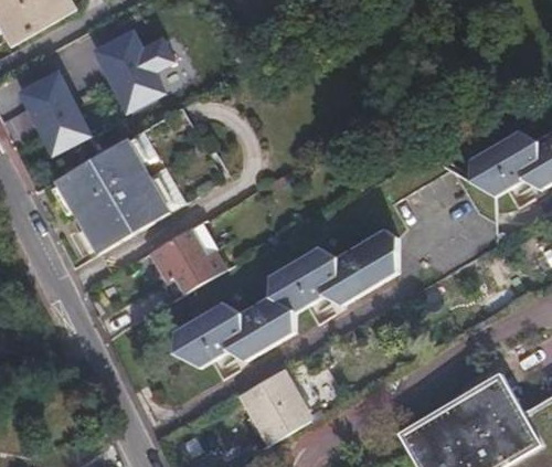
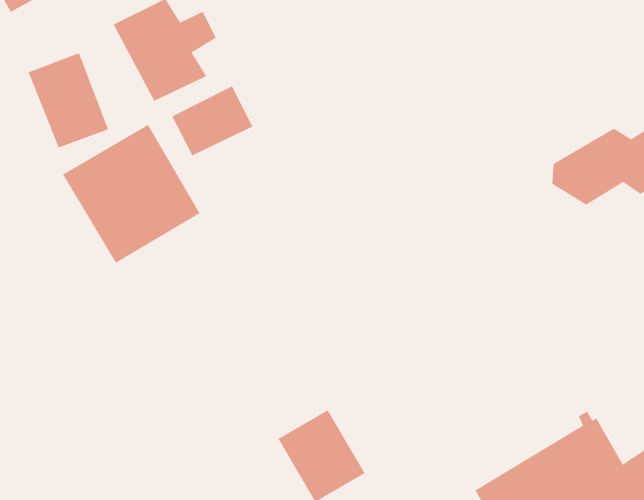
building: none -> [172,86,253,156]
building: [150,225,223,288] -> none
building: [169,227,392,373] -> none

